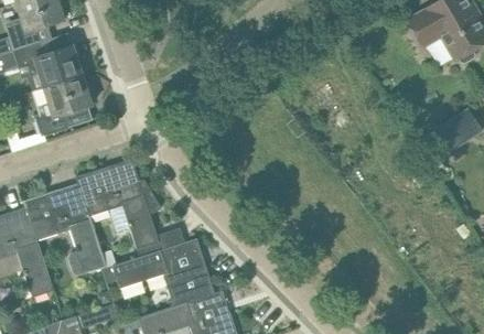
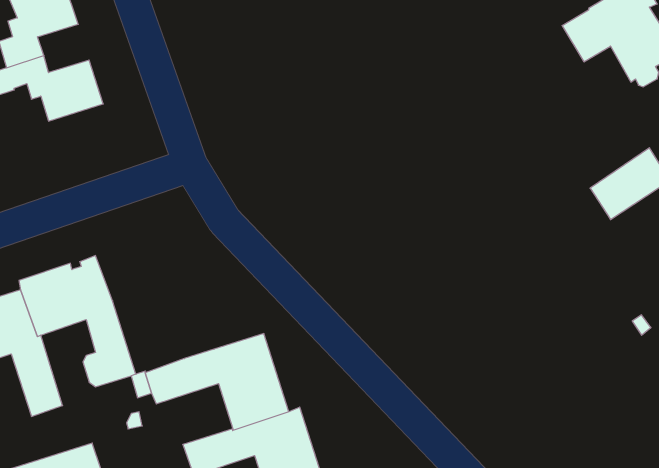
building: [35,76,93,136] -> none
building: [75,159,161,256] -> none

